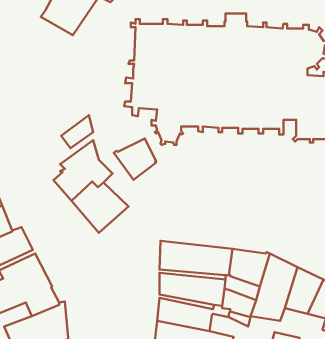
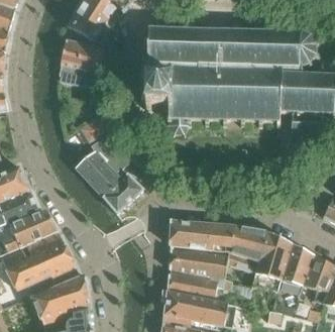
building: none -> [61,39,103,89]
building: [114,139,156,180] -> none

